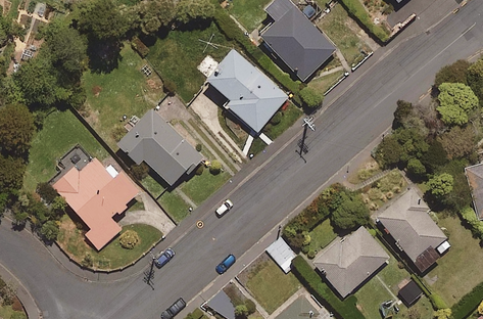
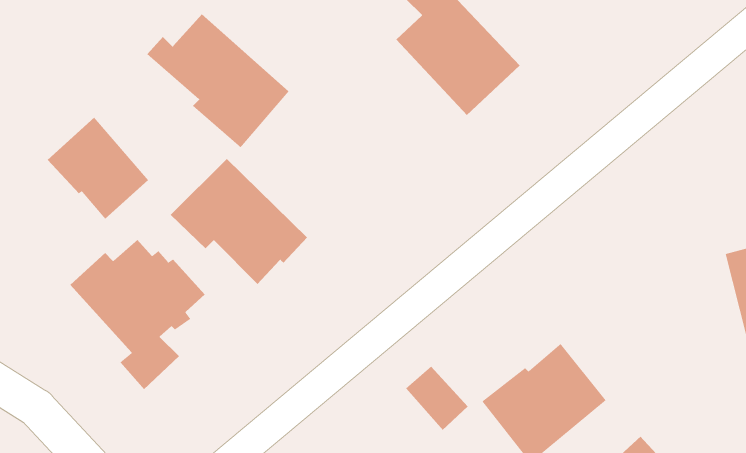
building: [198,47,288,132] -> [147,13,289,148]
building: none -> [47,117,149,220]
building: [376,190,454,274] -> none

